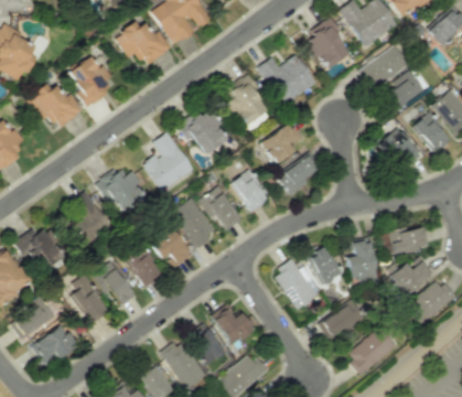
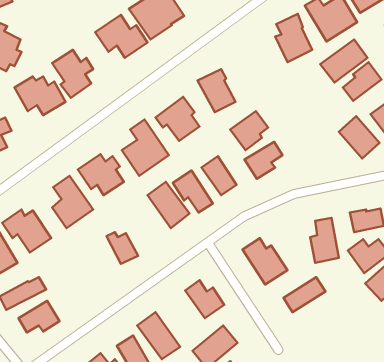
building: [257,54,316,104] -> none
building: [150,225,193,267] -> none
building: [307,243,342,285] -> none
building: [95,261,133,303] -> none
building: [67,277,110,322] -> none
building: [190,323,226,364] -> none
building: [347,326,396,374] -> none

